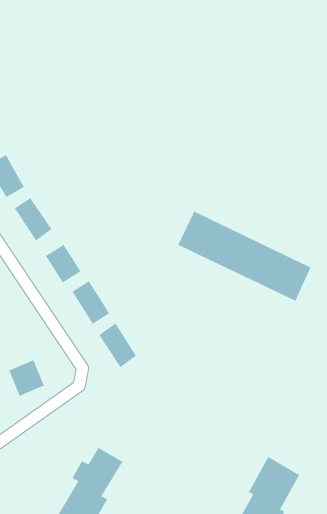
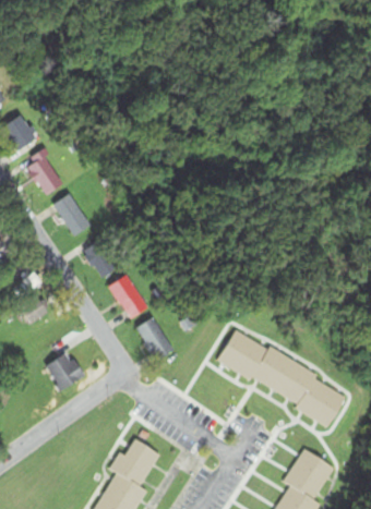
building: [177,211,311,302] -> [216,332,348,422]

